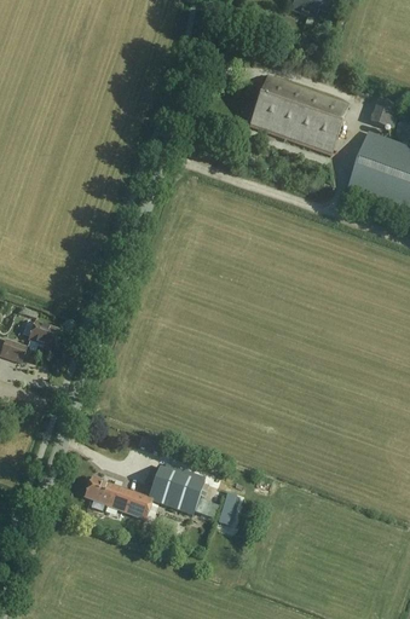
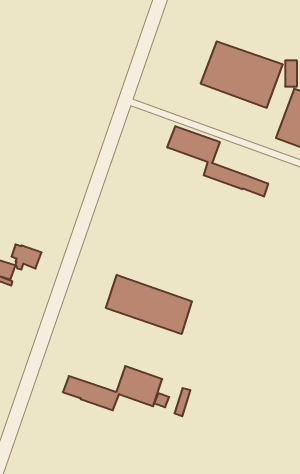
building: none -> [167,126,268,197]
building: none -> [106,275,192,334]

